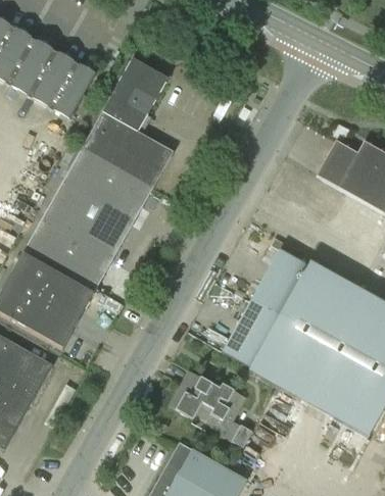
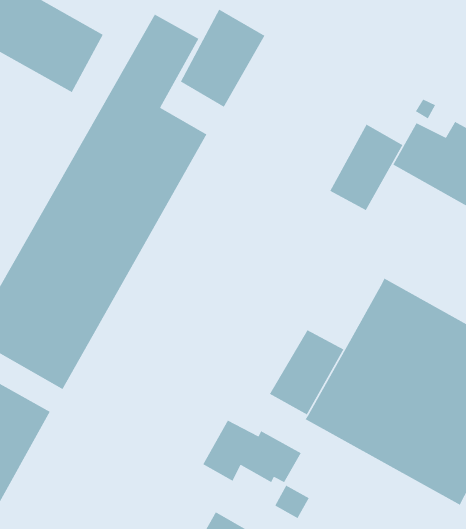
building: none -> [180,9,265,108]
building: [250,248,307,315] -> [329,124,403,211]

